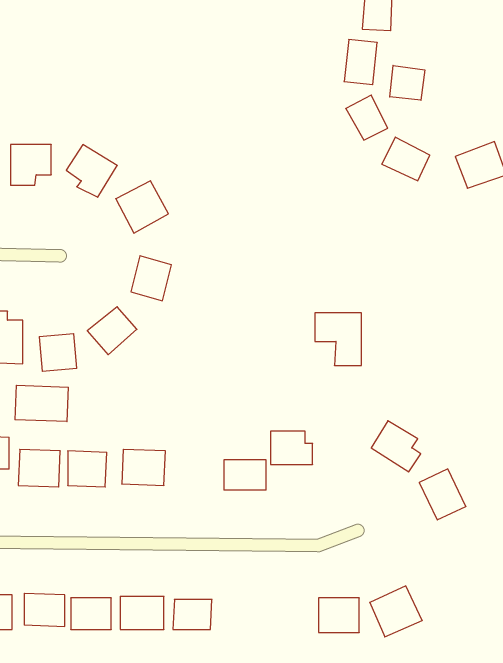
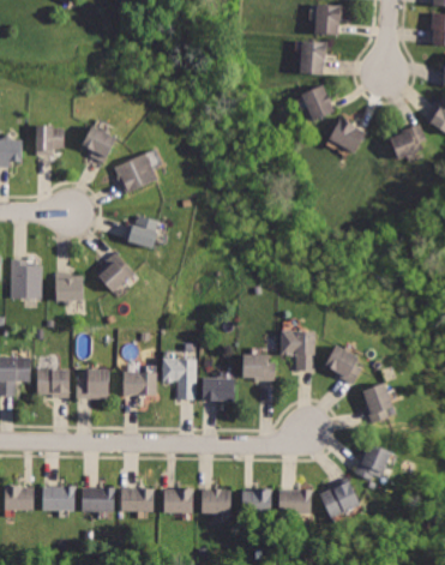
building: [390,65,425,100] -> none
building: [315,313,361,365] -> [279,331,317,373]
building: [15,385,68,422] -> none
building: none -> [162,357,194,399]
building: none -> [353,443,389,482]
building: none -> [200,488,234,516]
building: none -> [240,489,270,516]

